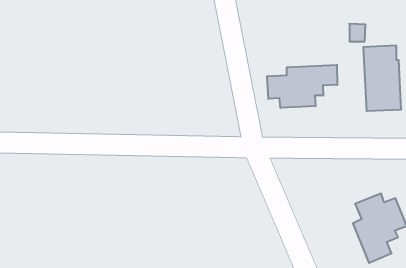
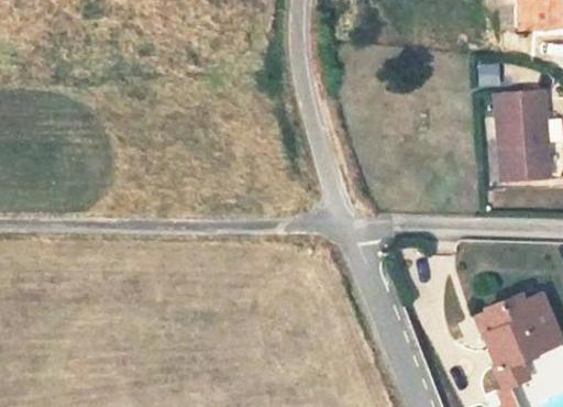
building: [267,65,337,108] -> none

